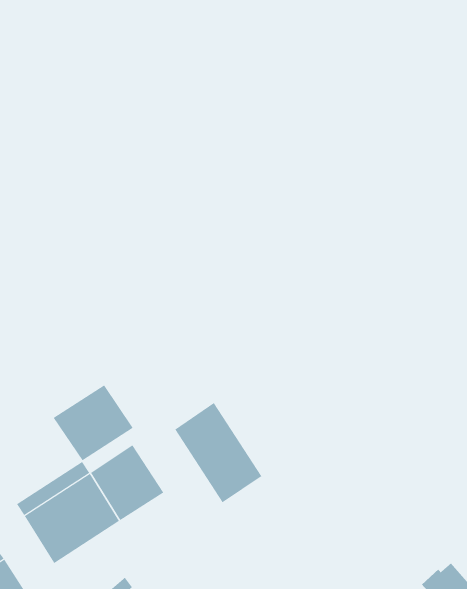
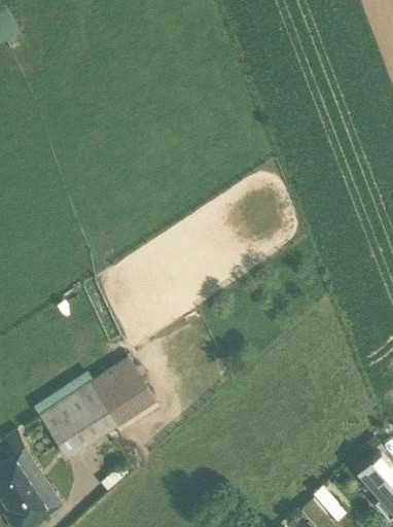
building: [53,384,133,461] -> none
building: [174,402,262,503] -> none

